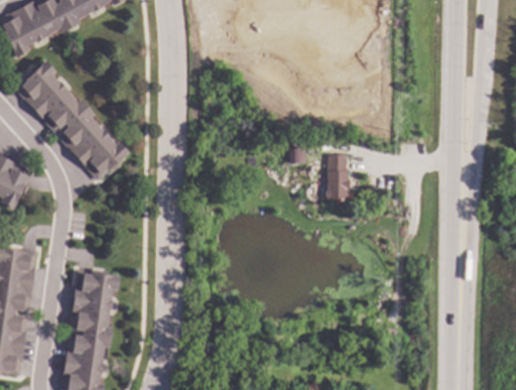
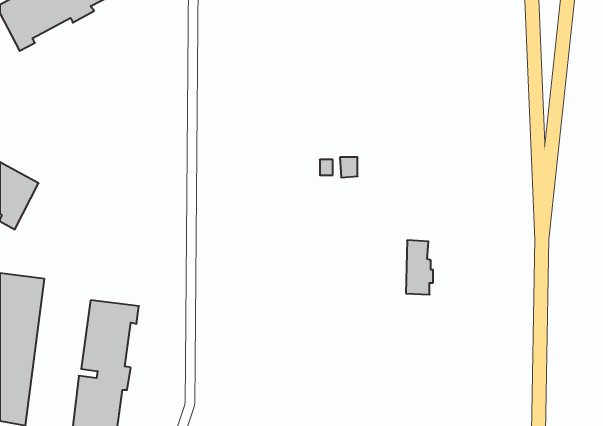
building: [15,59,130,180] -> none
building: [328,154,351,201] -> [406,240,433,295]

